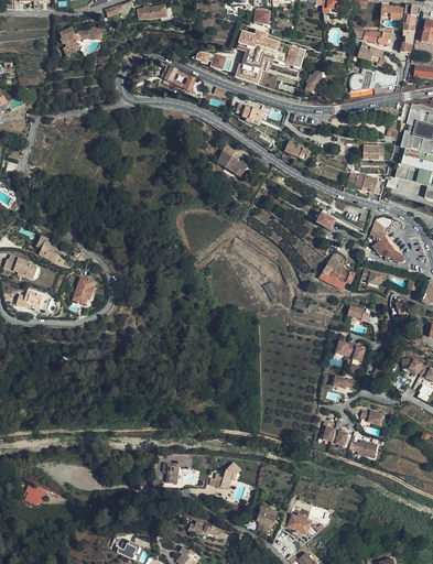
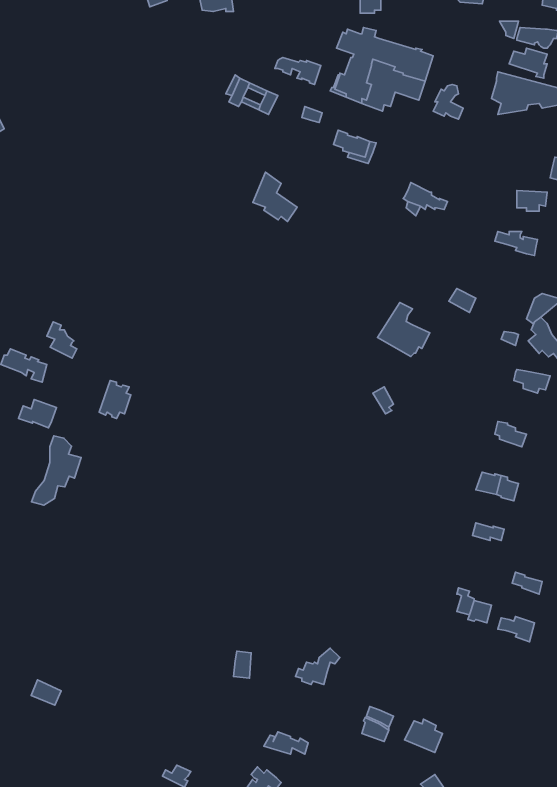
building: [61,25,102,55] -> none
building: [218,143,249,177] -> [253,172,297,221]
building: [318,252,355,290] -> [378,303,430,356]
building: none -> [31,436,81,505]

